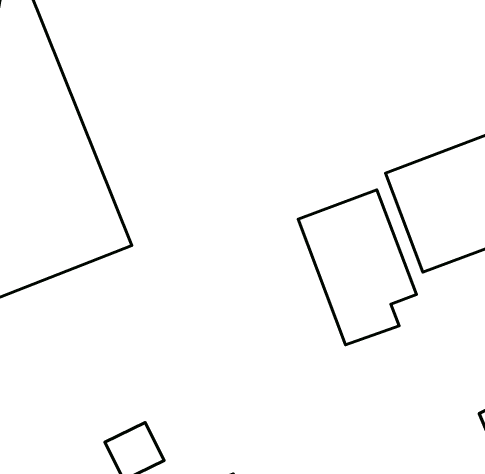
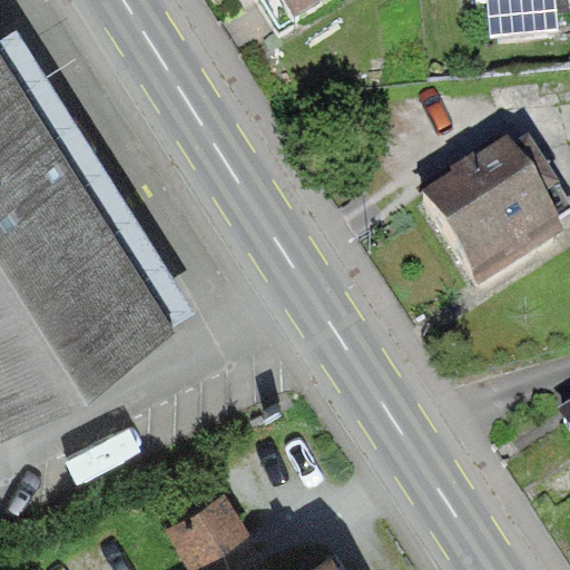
building: [298,190,416,345] -> none

